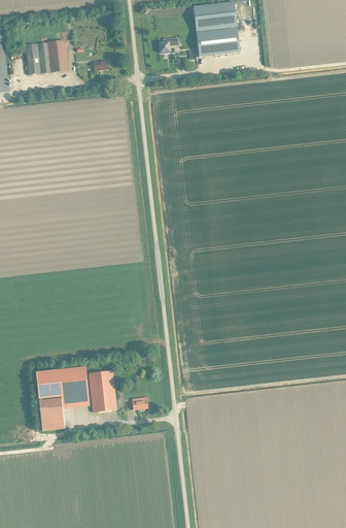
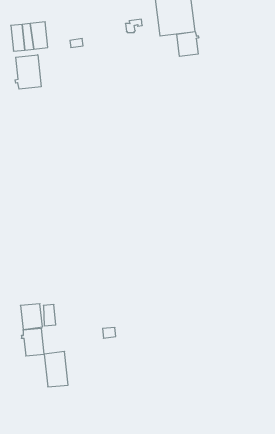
building: none -> [177,32,199,56]
building: none -> [15,55,41,89]
building: [89,370,116,411] -> [44,351,68,387]

